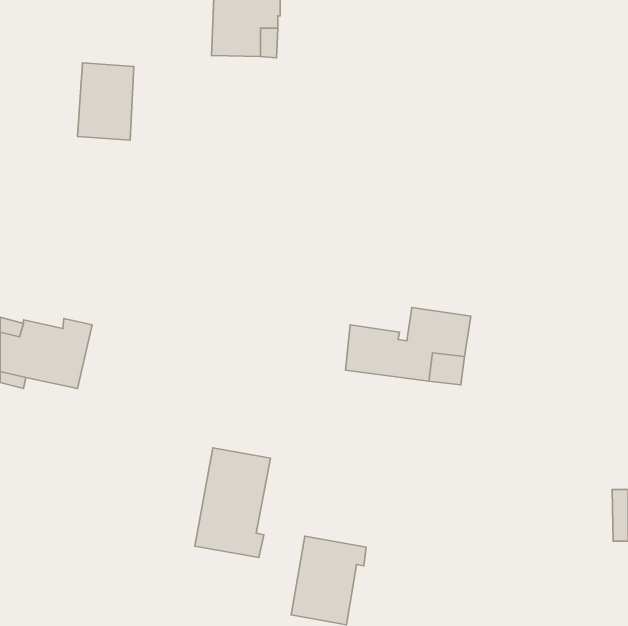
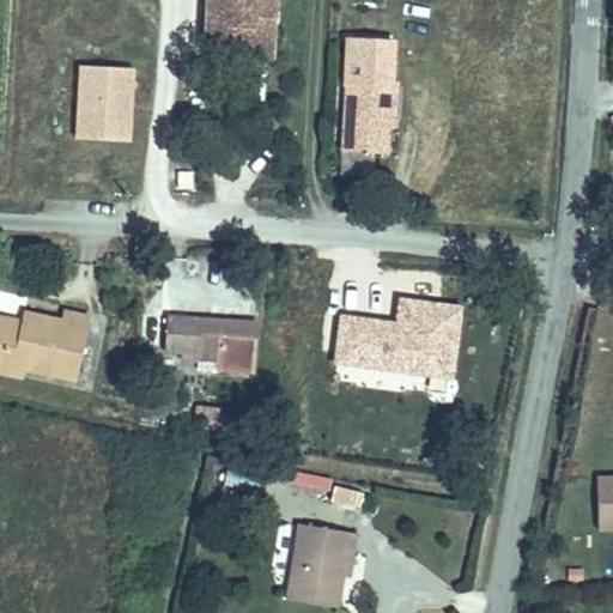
building: none -> [341,36,397,152]
building: none -> [164,316,257,378]
building: [195,448,270,557] -> none

